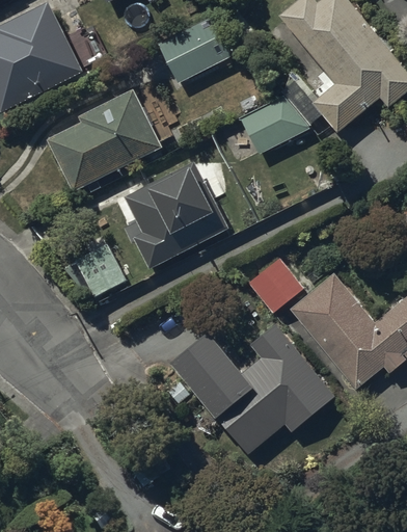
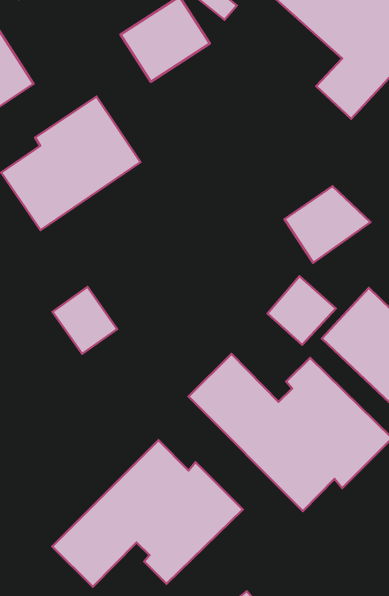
building: [240,94,309,154] -> [284,186,370,263]
building: [123,160,227,269] -> none
building: none -> [52,440,243,587]

